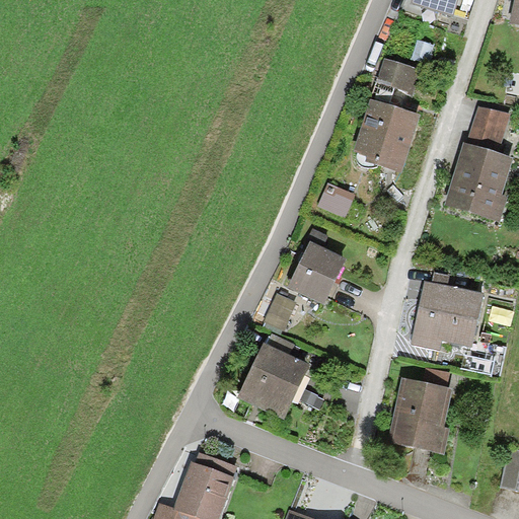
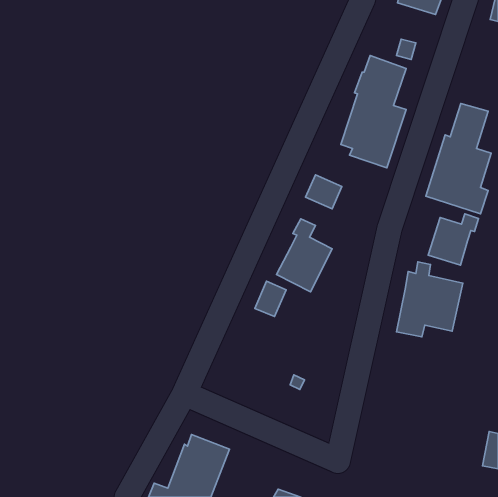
building: none -> [428,214,478,265]
building: [238,333,309,420] -> none
building: [388,377,452,452] -> none

